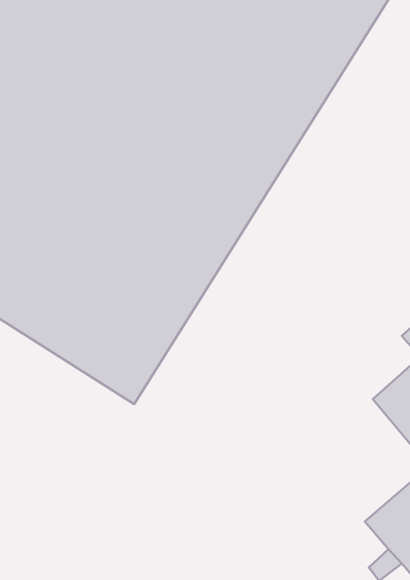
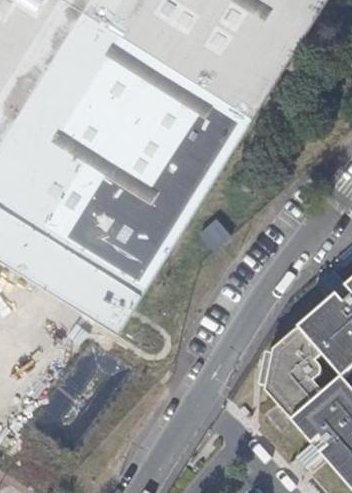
building: none -> [263,326,322,419]

